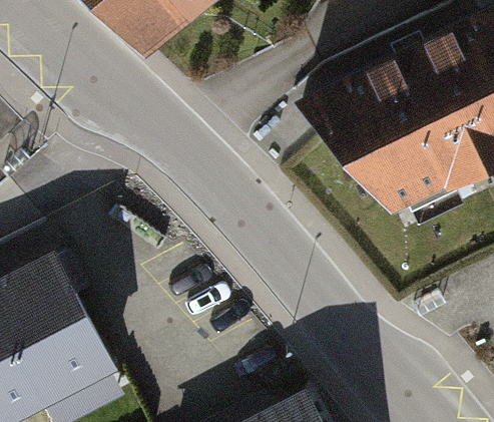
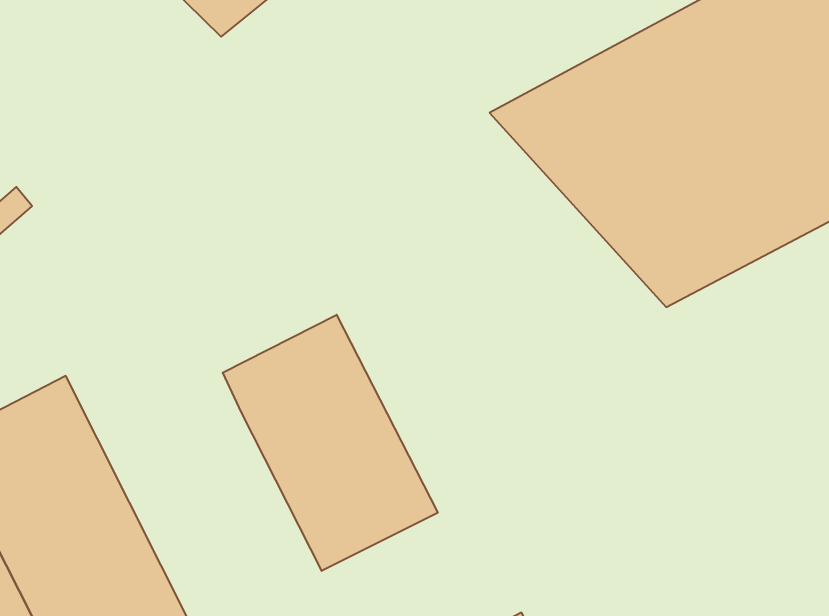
building: none -> [223,315,438,571]

